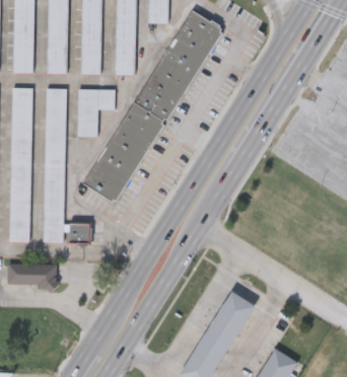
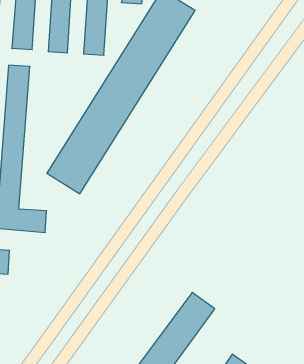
building: [78,89,115,136] -> none

